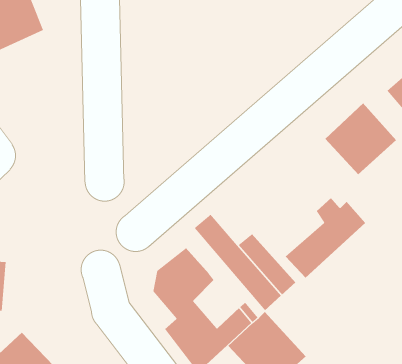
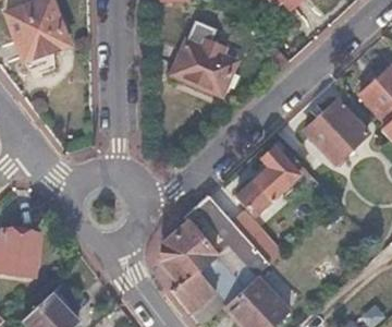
building: none -> [175,20,237,94]
building: [285,197,366,279] -> [235,146,304,215]

